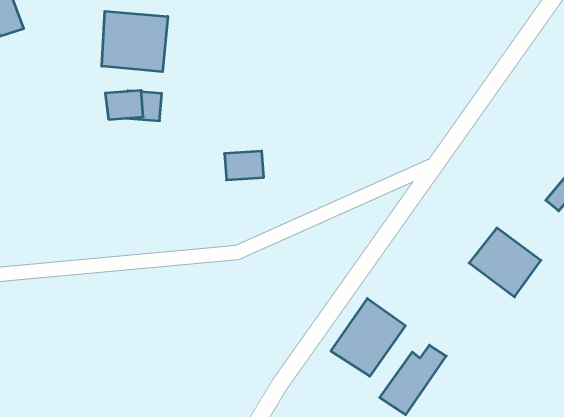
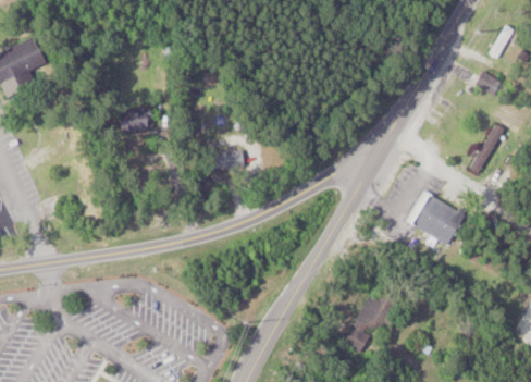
building: [102,11,168,72] -> none
building: [331,298,405,376] -> none

